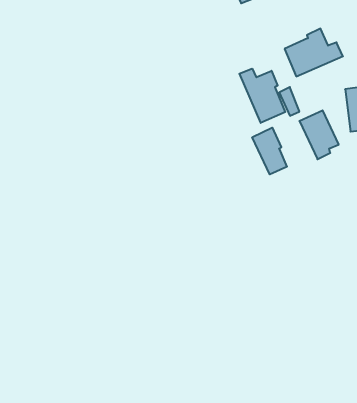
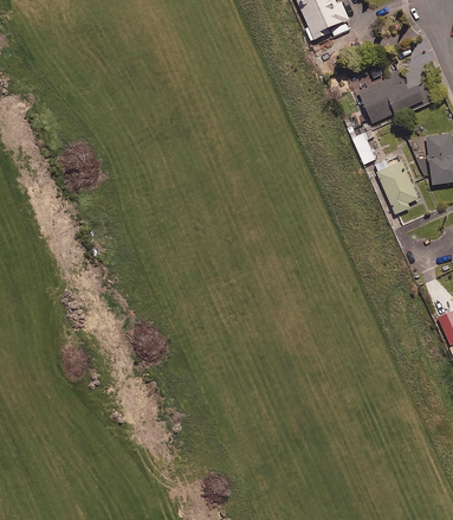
building: [239,69,285,123] -> none
building: [252,128,287,174] -> none

